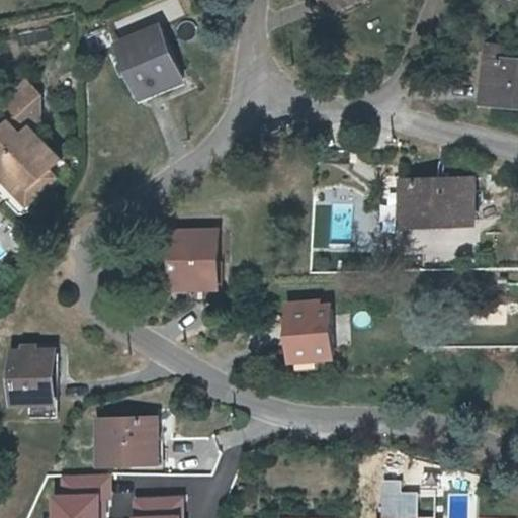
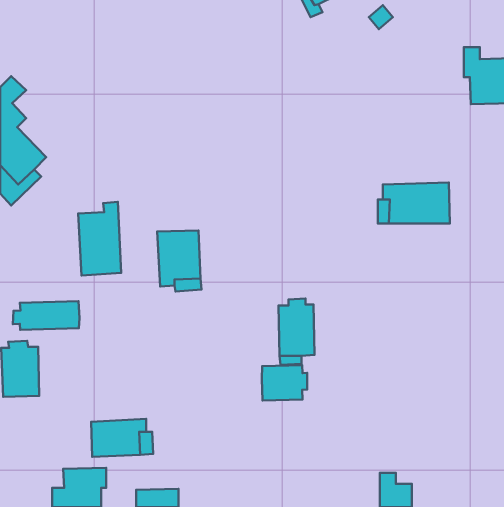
building: [117,28,179,100] -> none
building: none -> [78,202,121,275]
building: none -> [13,301,79,330]
building: none -> [262,365,307,400]

